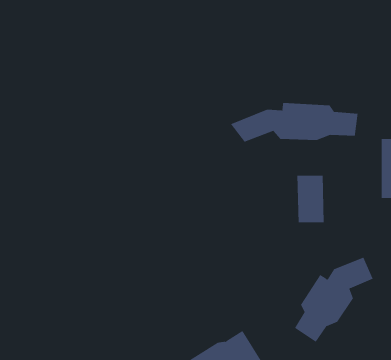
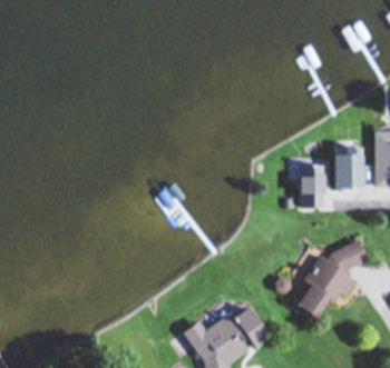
building: [230,102,358,143] -> none
building: none -> [333,152,361,186]

